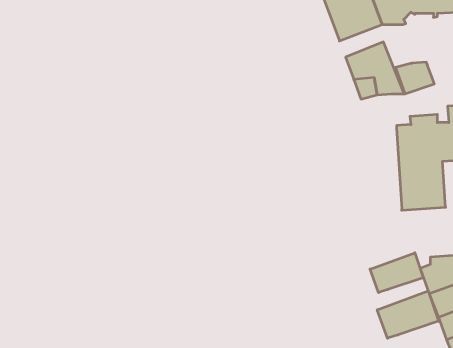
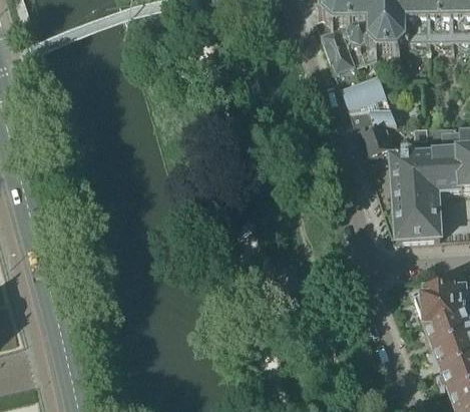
building: [396,62,434,94] -> [356,122,394,153]
building: [370,253,423,293] -> none
building: [377,291,439,338] -> none

